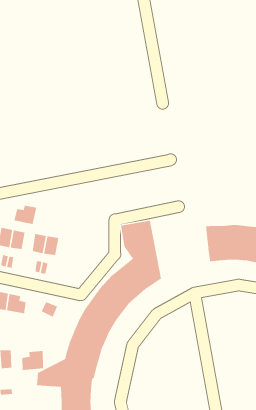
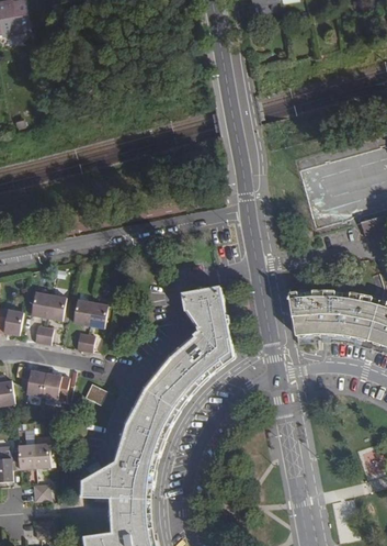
building: [14,205,37,225] -> none
building: [21,350,44,371] -> none

